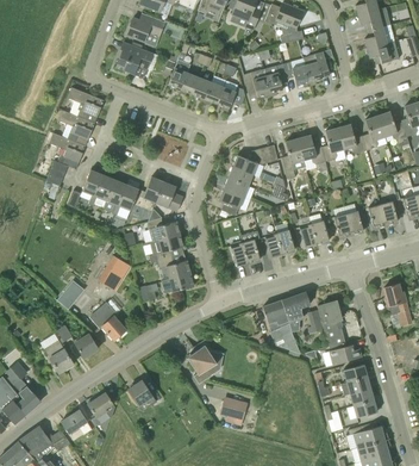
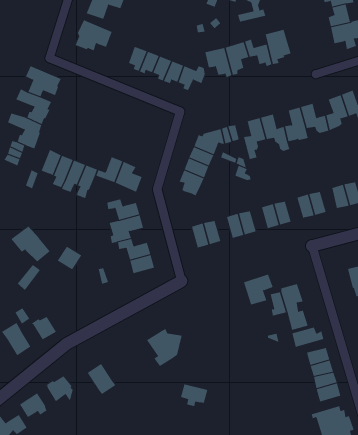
building: [262,300,300,354] -> none
building: [88,302,127,337] -> [10,226,50,262]

